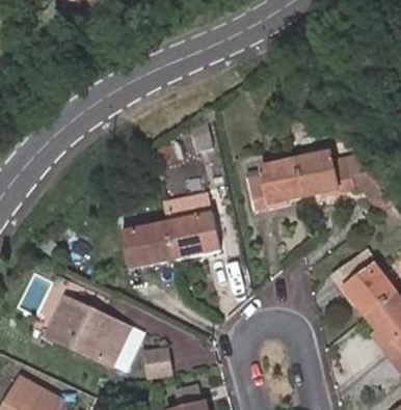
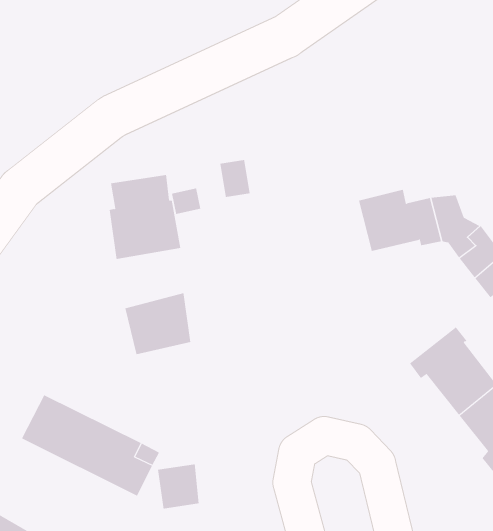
building: [239,155,300,211] -> none
building: [163,196,216,258] -> [109,175,181,260]

